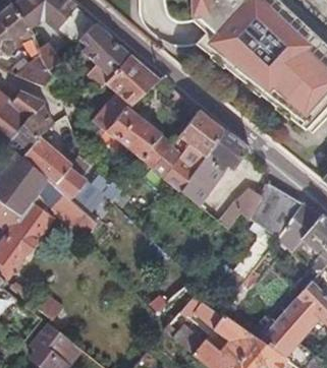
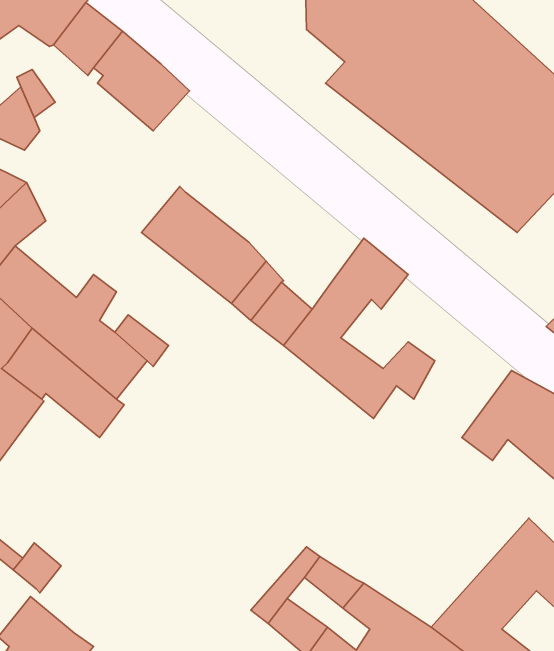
building: [93,54,159,129] -> none
building: [179,112,224,156] -> none
building: [251,185,303,237] -> none

